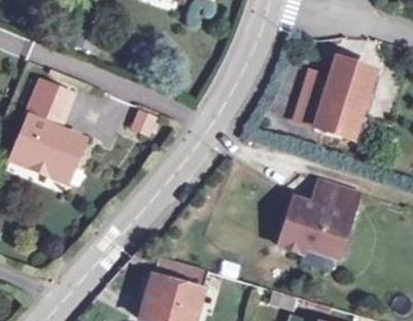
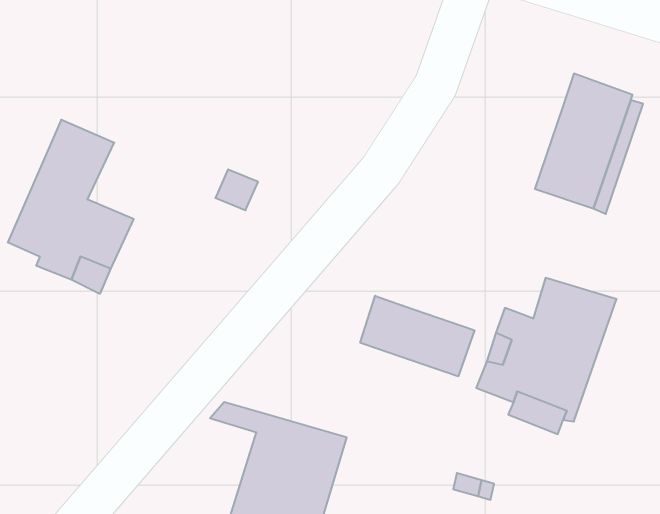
building: [295,70,333,126] -> none
building: none -> [360,296,474,376]

